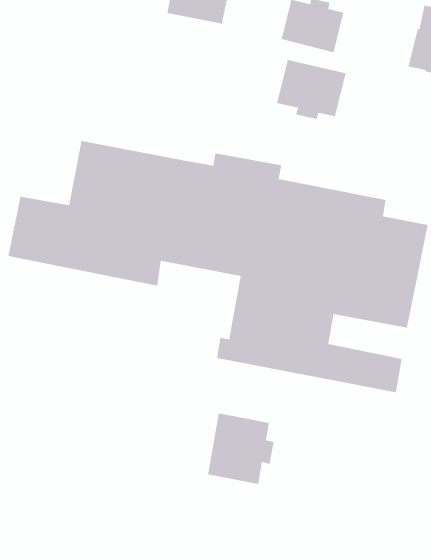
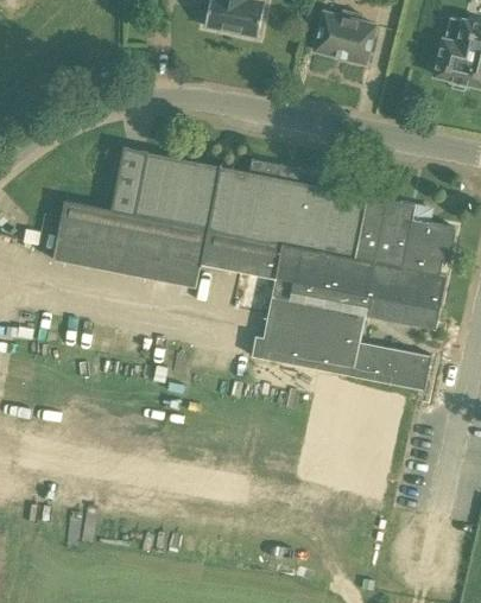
building: [276,59,346,120] -> none
building: [207,413,274,485] -> none

